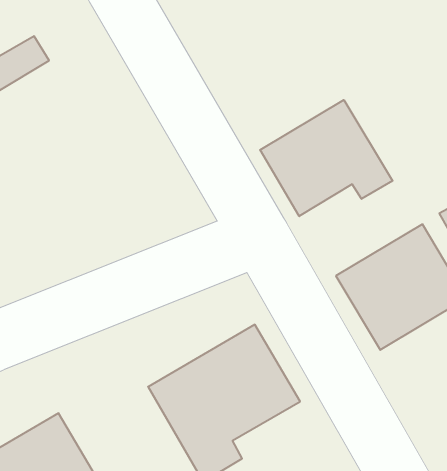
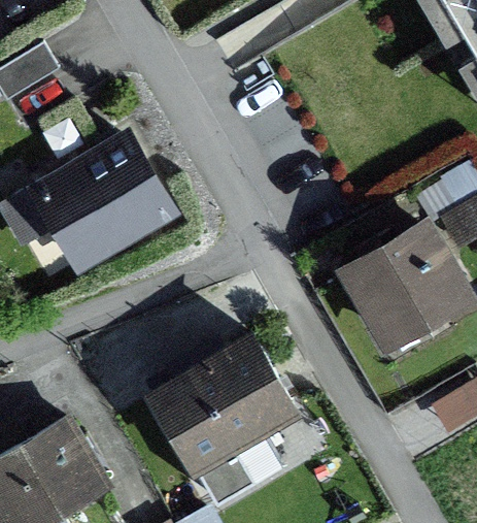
building: [260,100,393,216] -> none
building: none -> [31,140,173,273]

